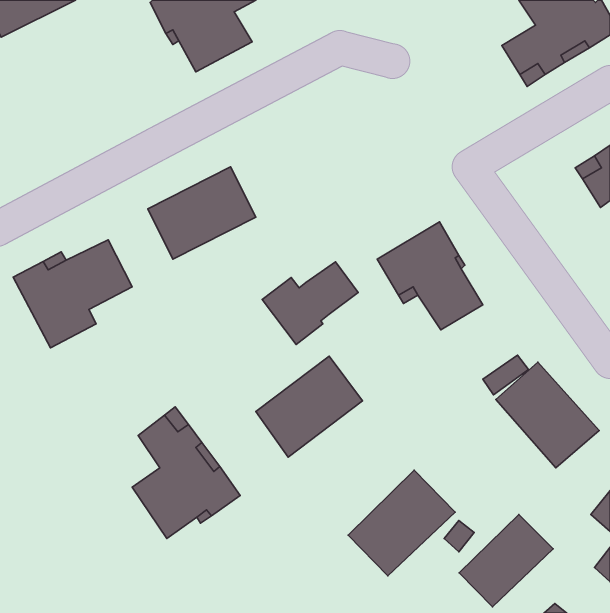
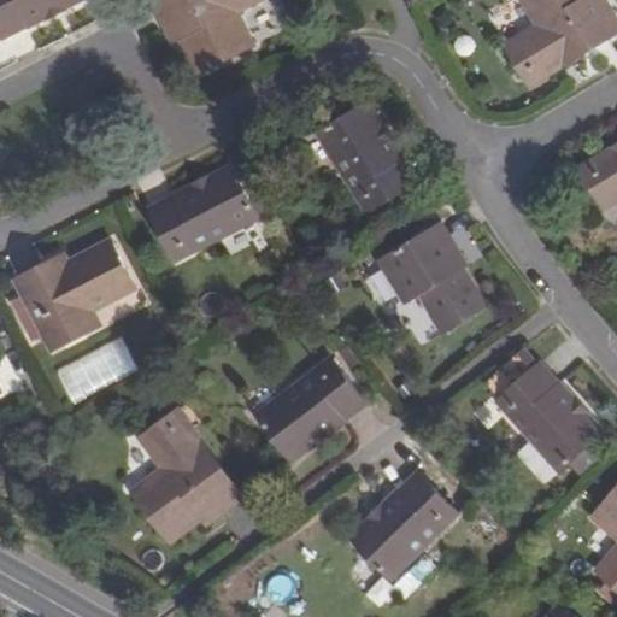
building: none -> [317,104,415,213]
building: [262,262,358,344] -> none
building: none -> [55,336,137,401]
building: [459,514,553,607] -> none

